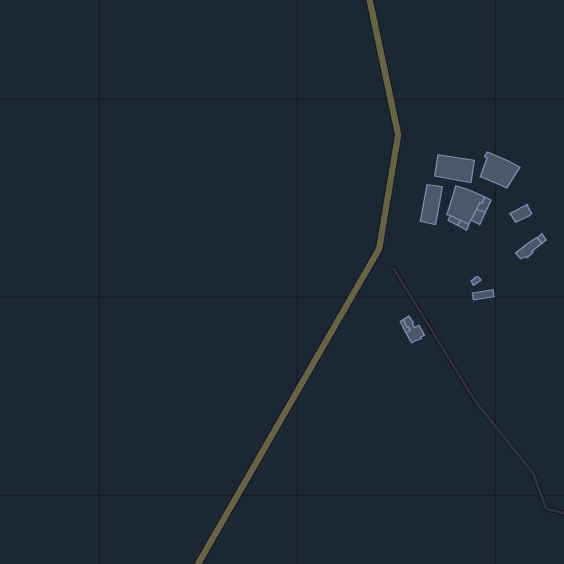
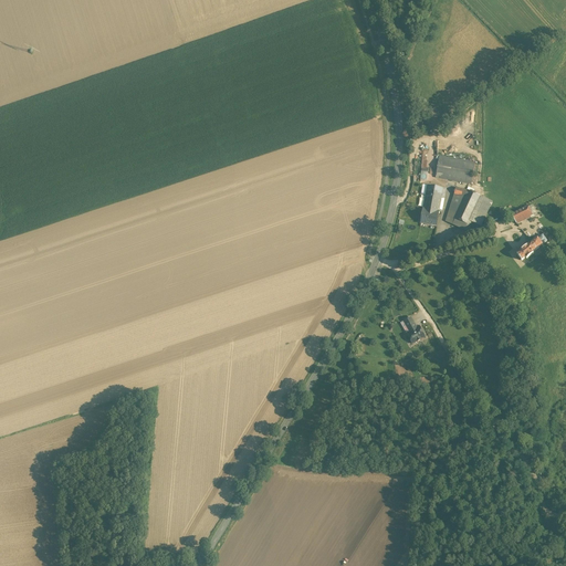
building: [480,152,520,188] -> none

